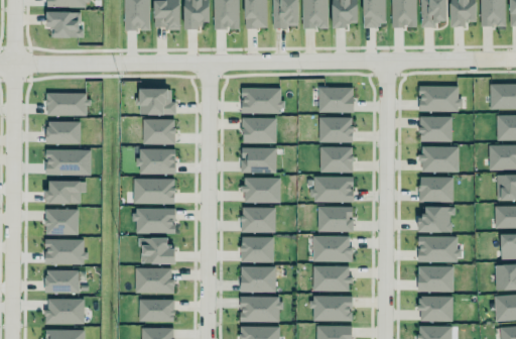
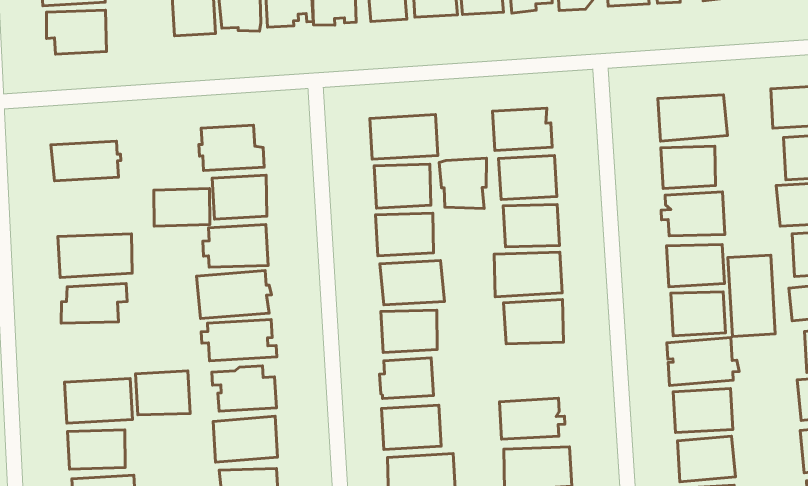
building: none -> [439,158,486,209]
building: [46,121,82,144] -> [154,188,210,226]
building: none -> [728,255,775,336]
building: [46,209,79,235] -> [135,371,190,415]
building: [311,234,351,261] -> none

